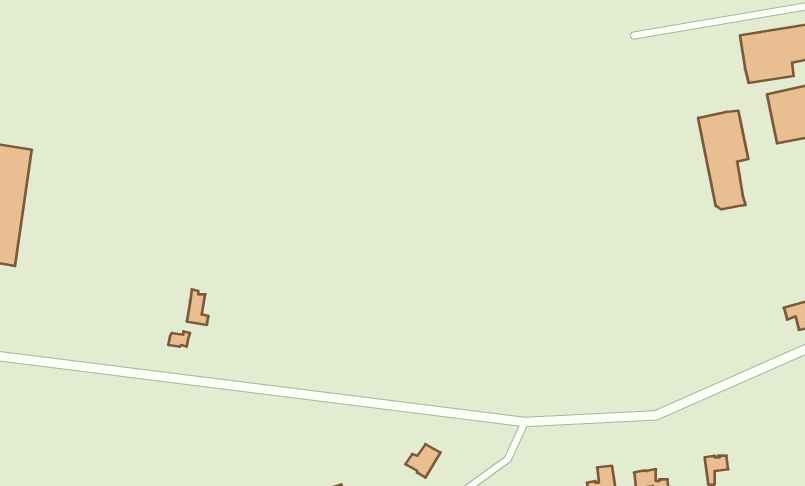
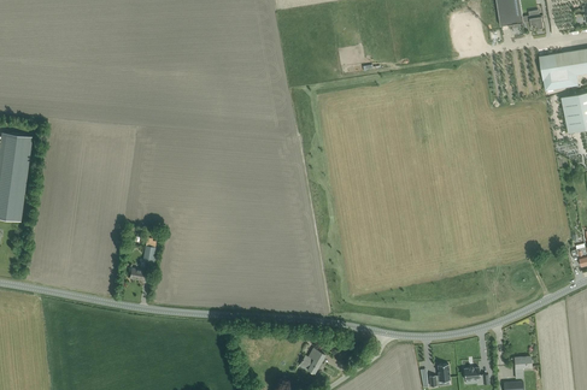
building: [698,111,748,209] -> none

